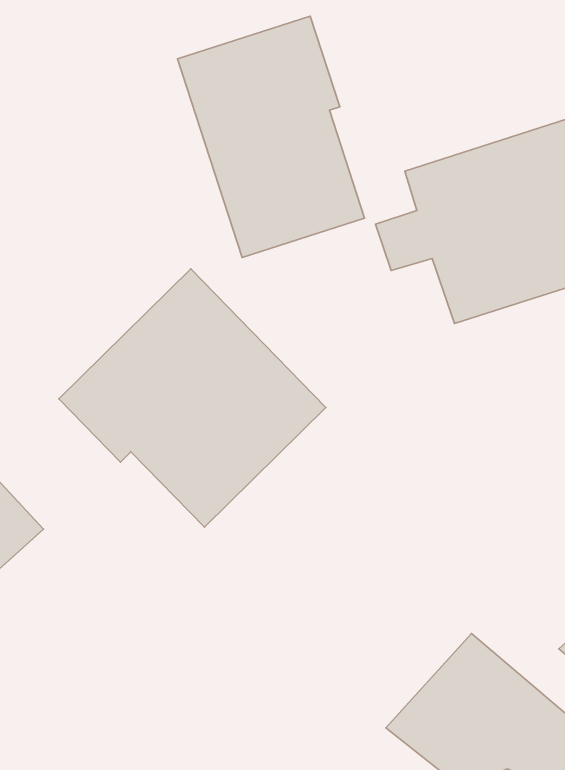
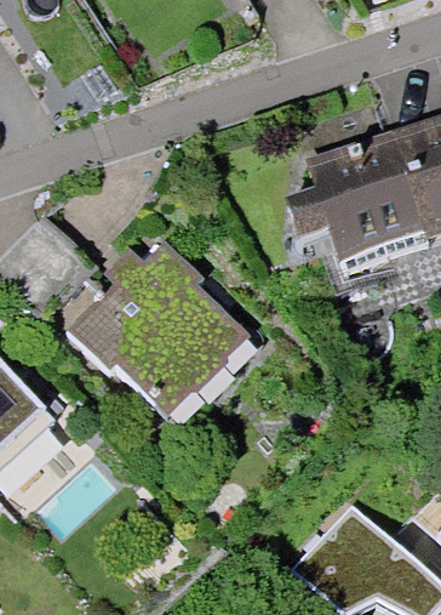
building: [177,16,365,257] -> none

